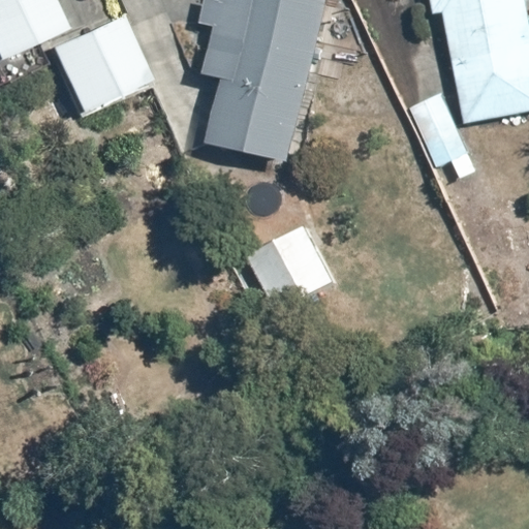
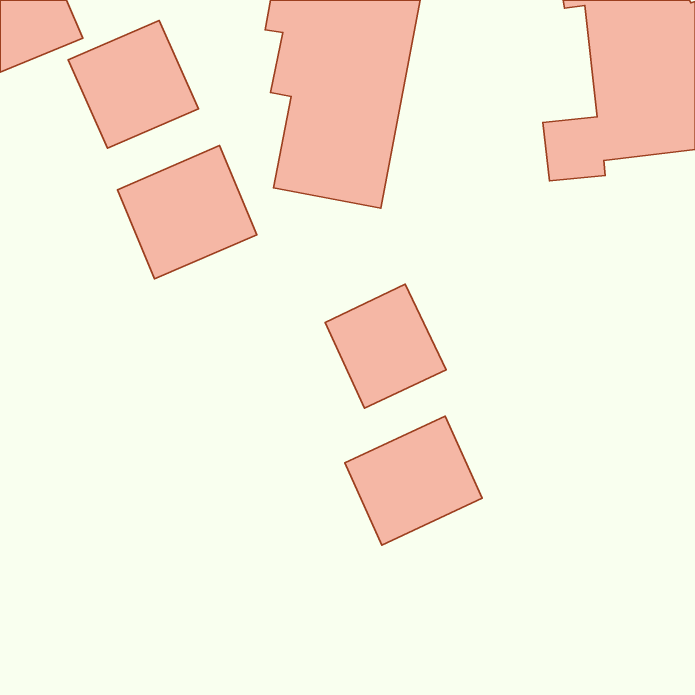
building: none -> [117,146,257,279]
building: none -> [345,416,482,545]

